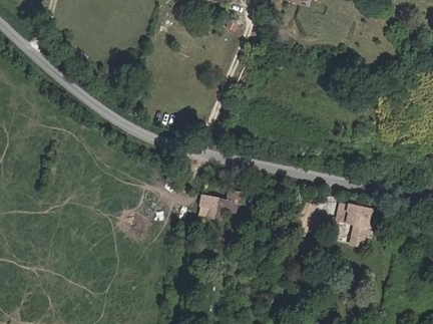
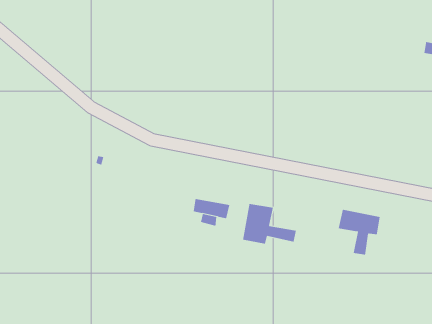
building: none -> [242,203,296,245]

